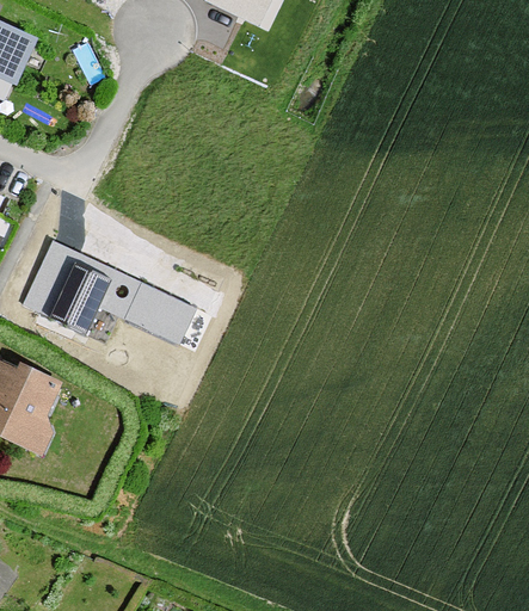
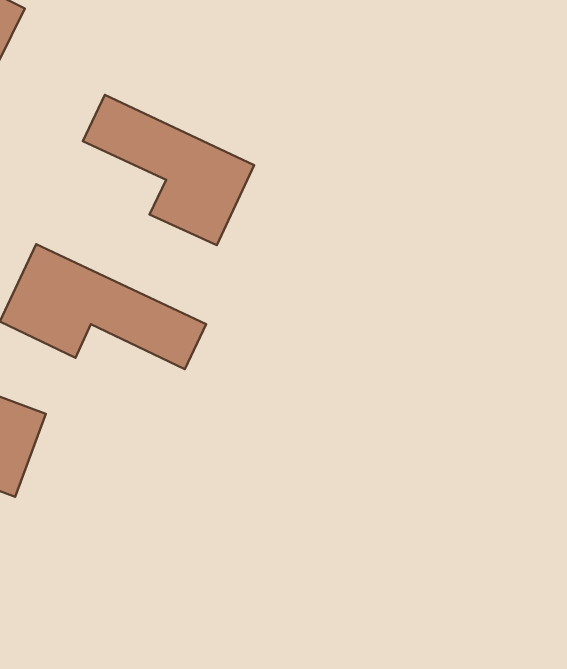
building: none -> [83,95,254,245]

